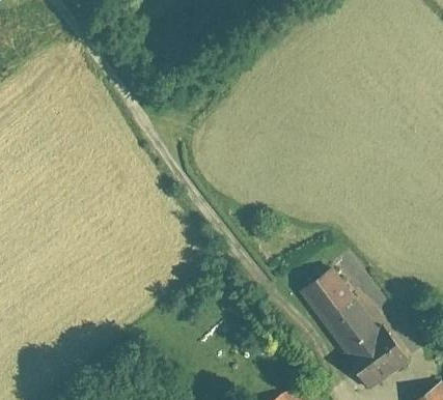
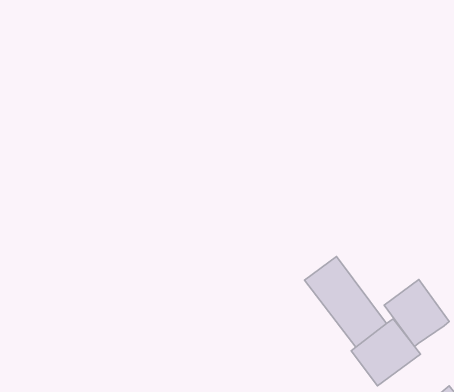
building: none -> [384,279,449,346]

